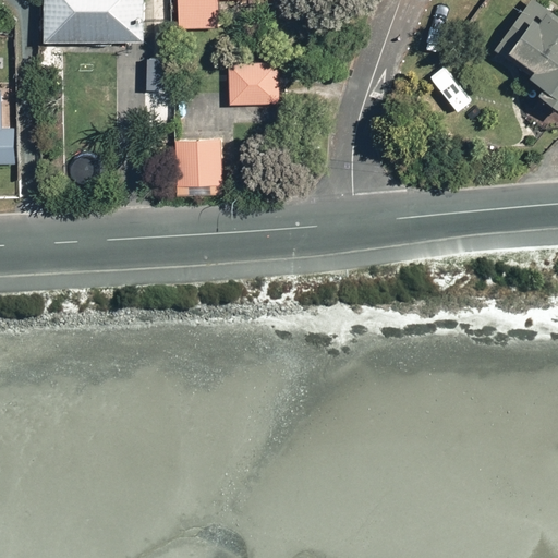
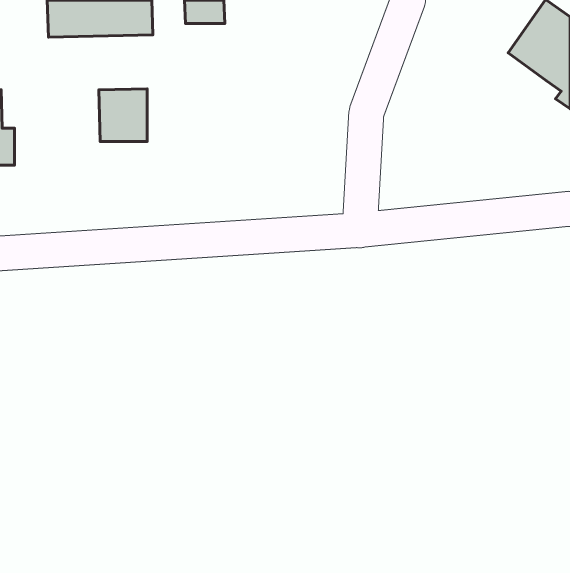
building: [229,62,279,102] -> none
building: [174,137,221,189] -> [99,89,147,142]

